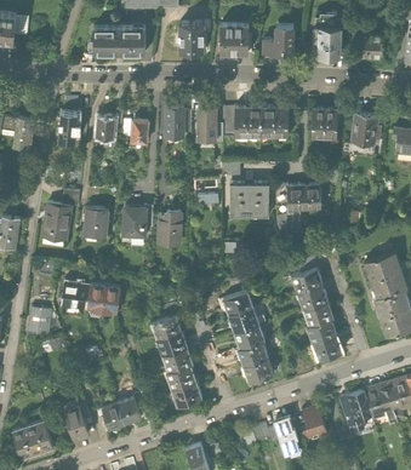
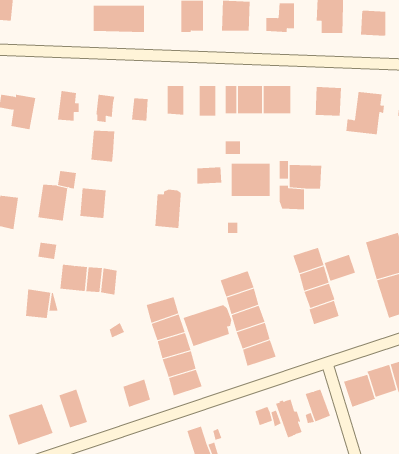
building: [120,208,144,240] -> [91,130,115,162]
building: none -> [183,304,232,347]
building: [312,333,343,360] -> [324,254,356,281]
building: [101,402,130,430] -> none

